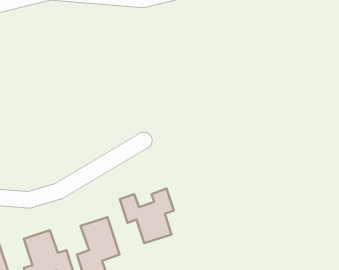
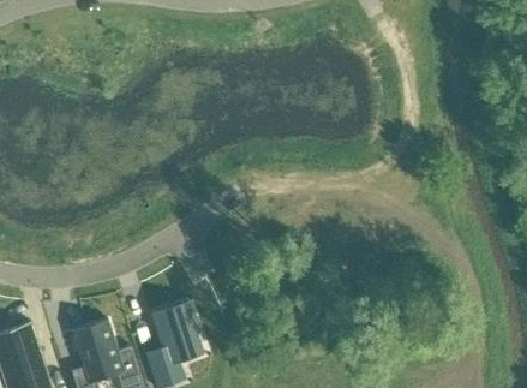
building: [120,189,174,243] -> none

